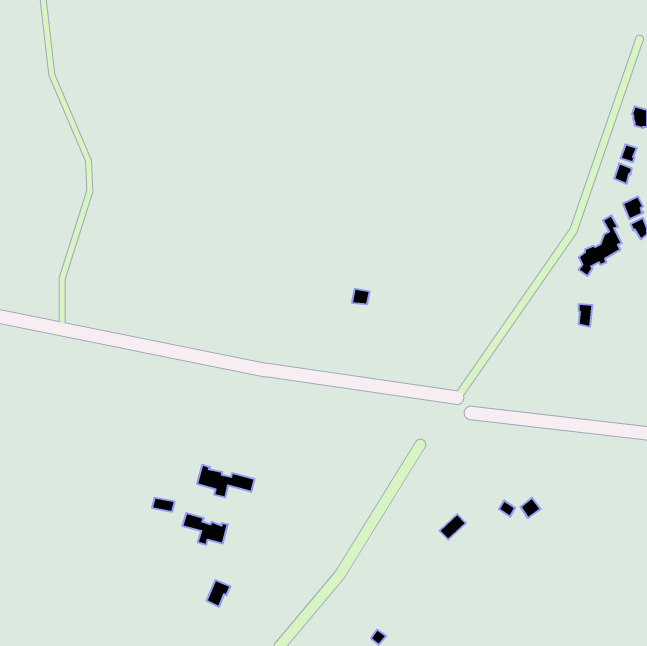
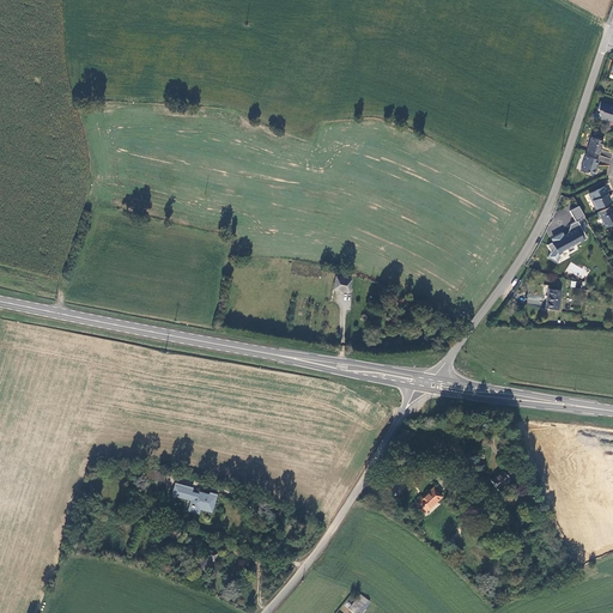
building: [197,465,254,498] -> none

